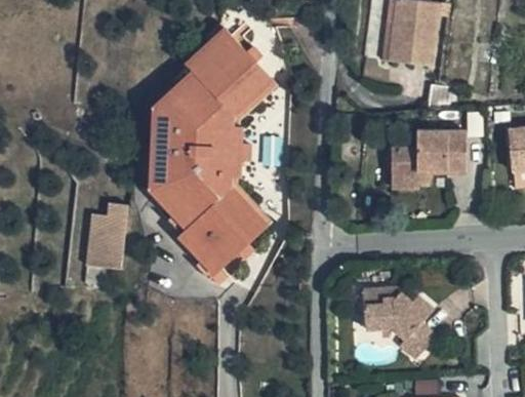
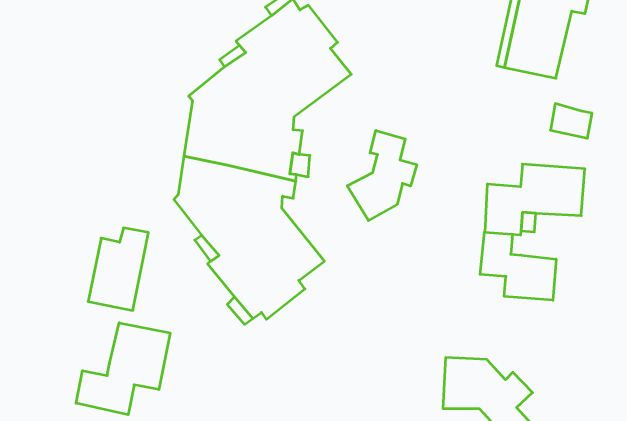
building: none -> [347,130,417,221]
building: none -> [480,232,556,300]
building: none -> [76,323,170,415]

